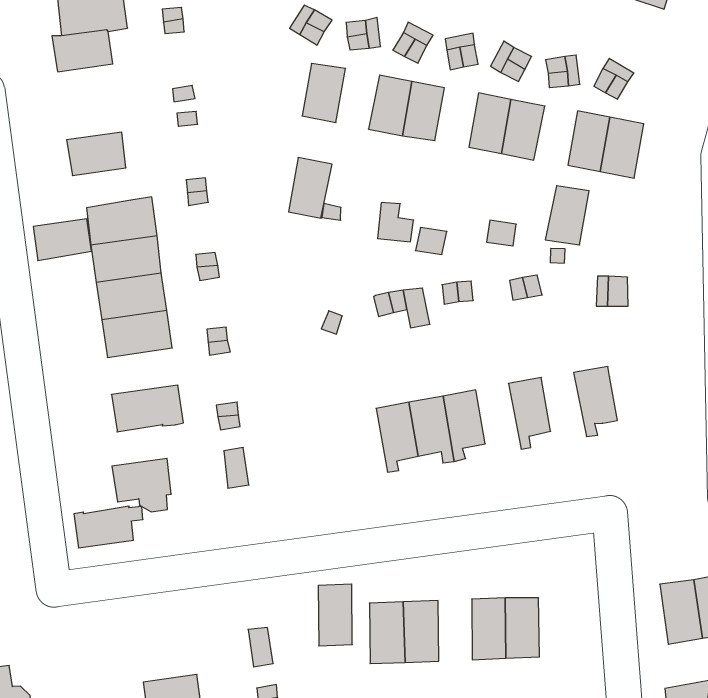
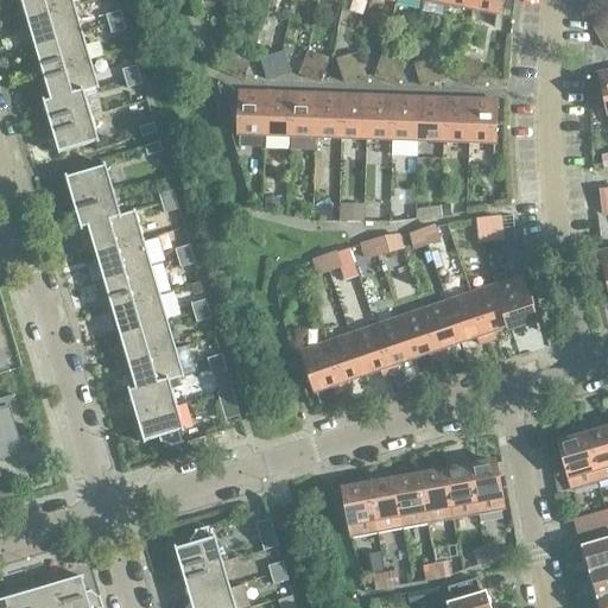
building: none -> [51,114,99,151]
building: none -> [341,95,368,137]
building: [289,158,332,218] -> [265,91,292,134]
building: [545,186,589,245] -> [417,97,444,139]
building: [33,219,92,261] -> [74,190,120,227]
building: none -> [120,319,176,361]
building: none -> [493,273,538,330]
building: none -> [446,293,487,342]
building: none -> [399,309,439,359]
building: none -> [302,342,342,403]
building: [74,506,143,548] -> [128,376,180,414]
building: [318,584,352,646] -> [394,474,426,524]
building: none -> [469,461,502,509]
building: none -> [175,525,222,572]

